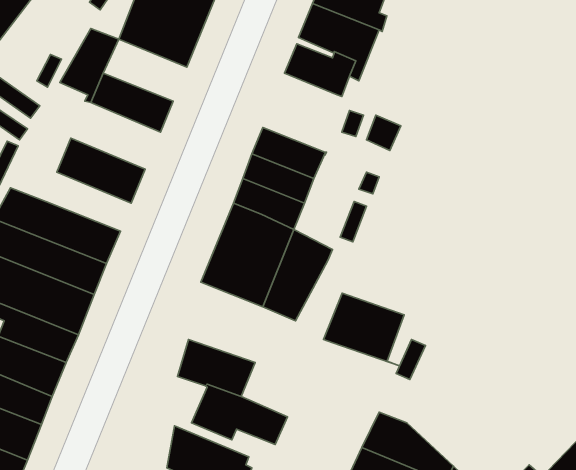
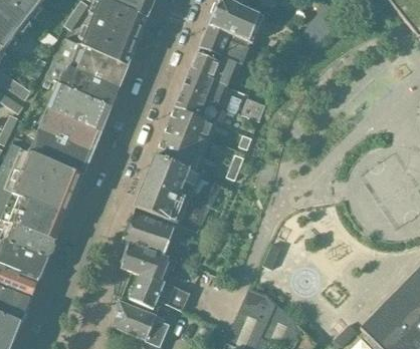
building: none -> [72,48,127,88]
building: none -> [176,70,224,121]
building: none -> [51,88,110,132]
building: none -> [35,134,90,172]
building: [324,293,404,366] -> [122,211,174,258]

